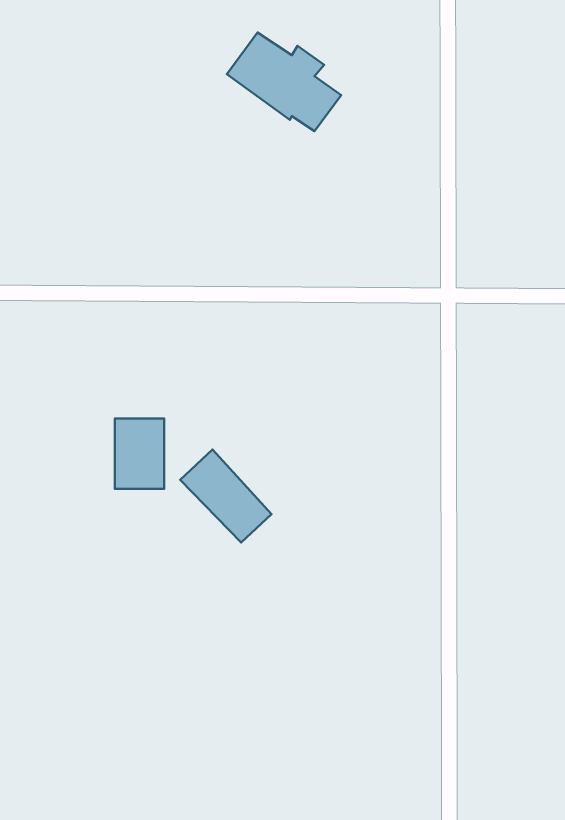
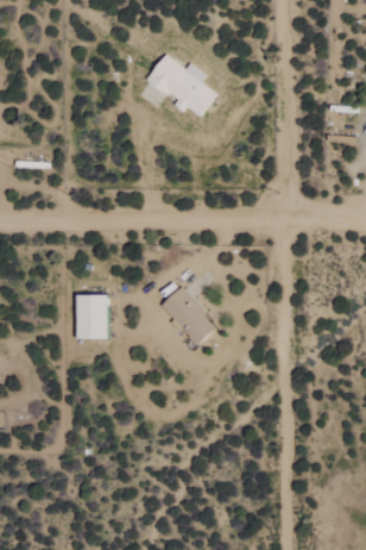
building: [180,449,272,543] -> [162,286,219,344]

